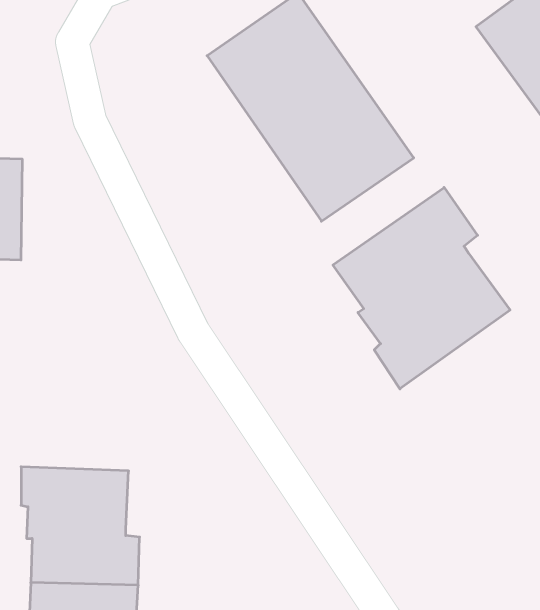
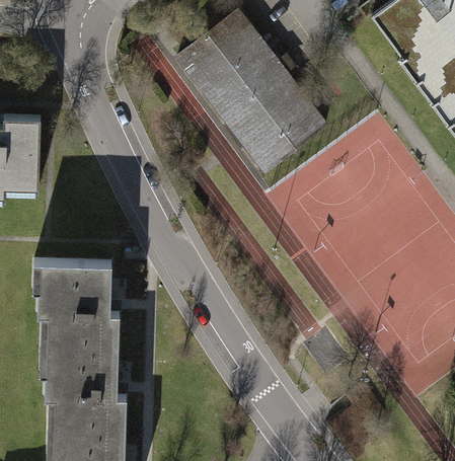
building: [333,187,510,389] -> none
building: none -> [31,262,119,351]

